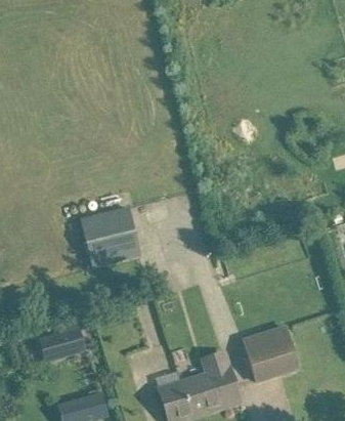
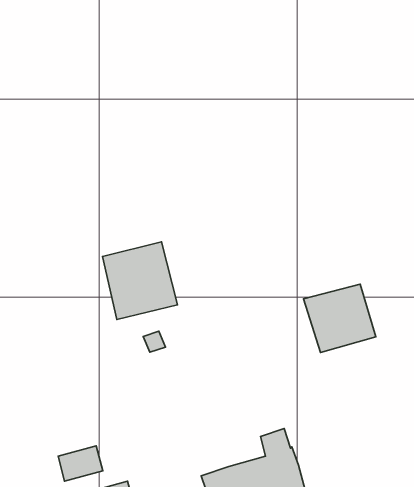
building: [243,327,299,380] -> [304,284,376,353]
building: [49,329,84,356] -> [58,446,103,481]

